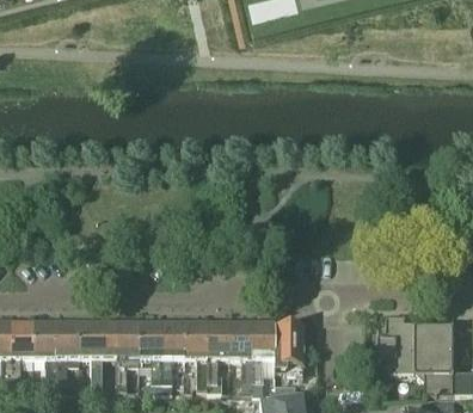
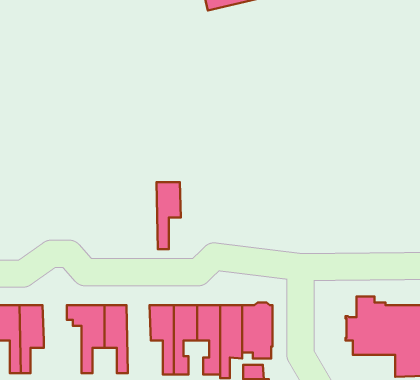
building: [79,321,117,388] -> none
building: [161,321,185,387] -> [157,182,181,249]

